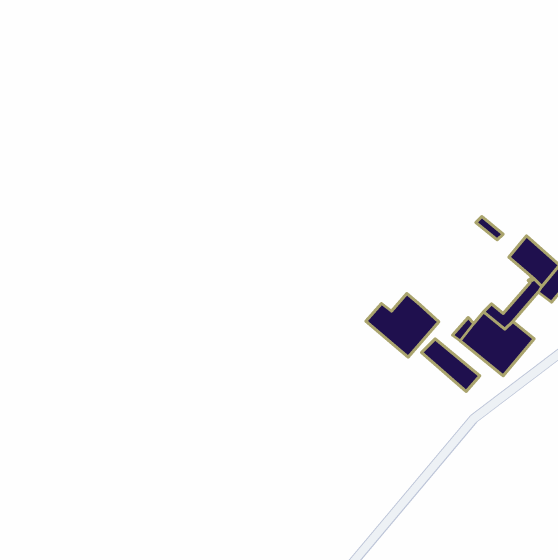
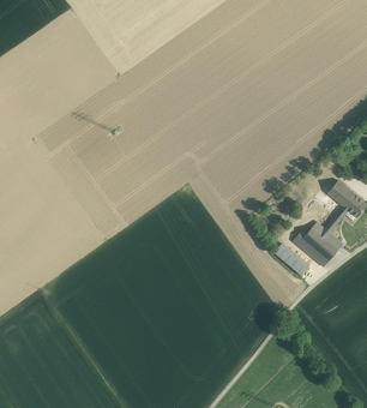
building: [366,293,439,357] -> none

